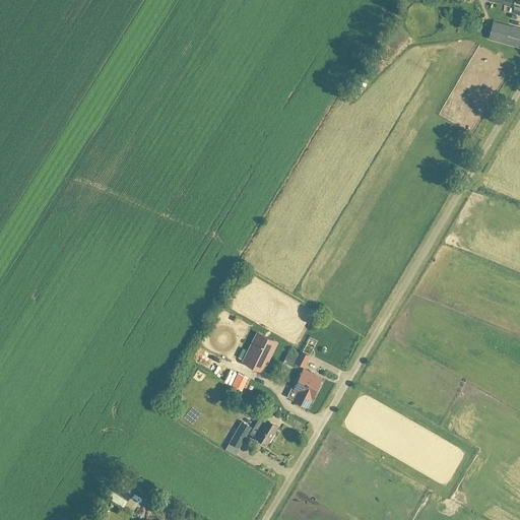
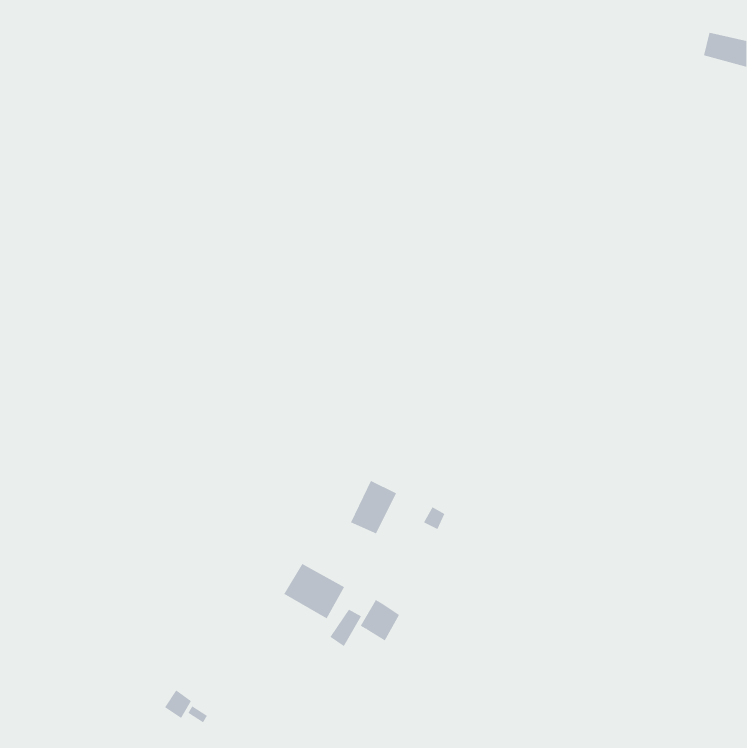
building: [292,370,321,407] -> none
building: none -> [283,563,345,619]

